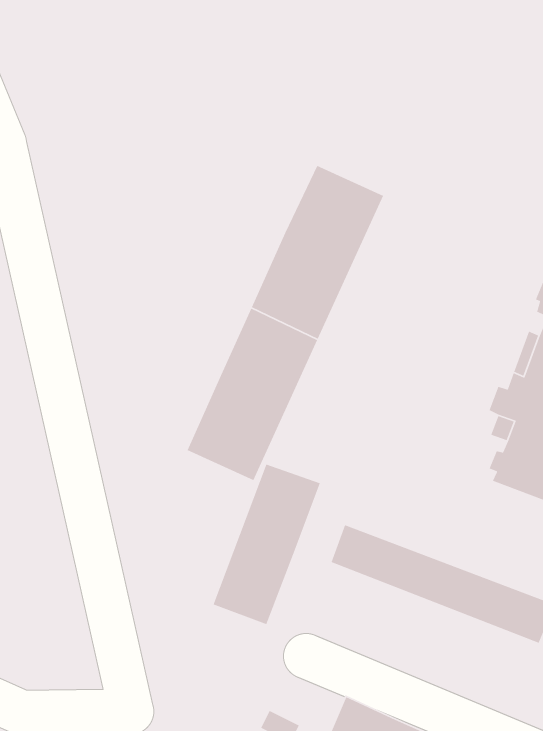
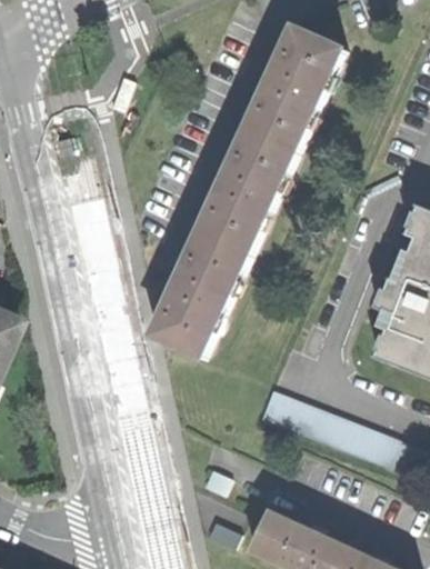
building: none -> [250,26,347,150]
building: [212,463,321,625] -> none

